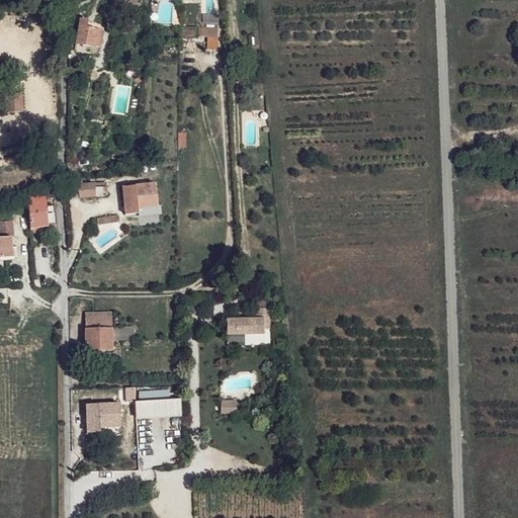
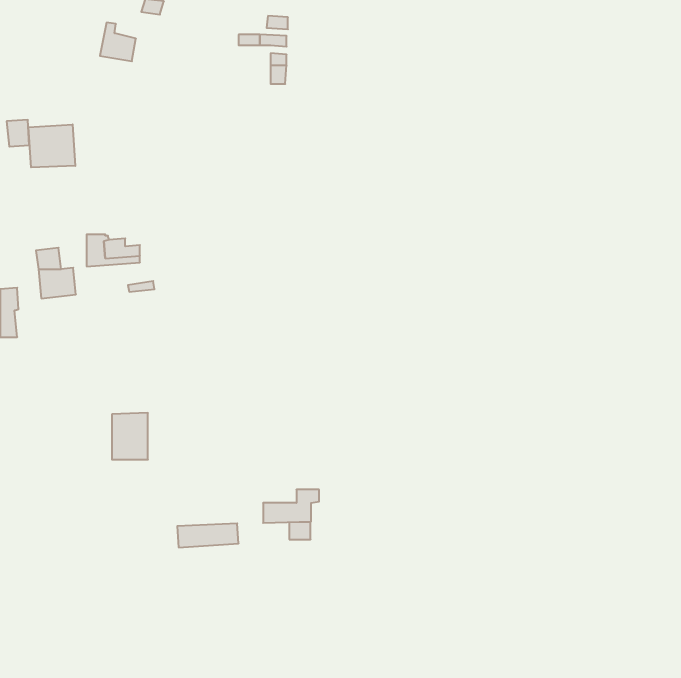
building: none -> [29,124,75,167]
building: [122,182,158,212] -> none
building: [227,308,269,333] -> [263,490,319,523]
building: [86,402,120,434] -> none

